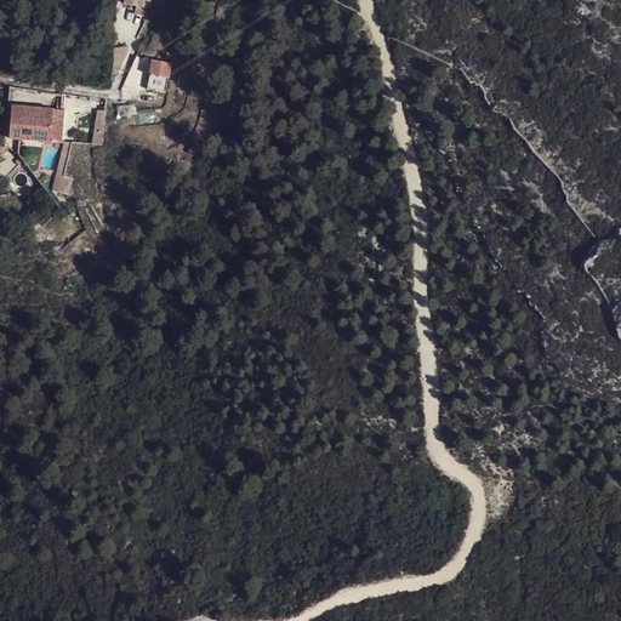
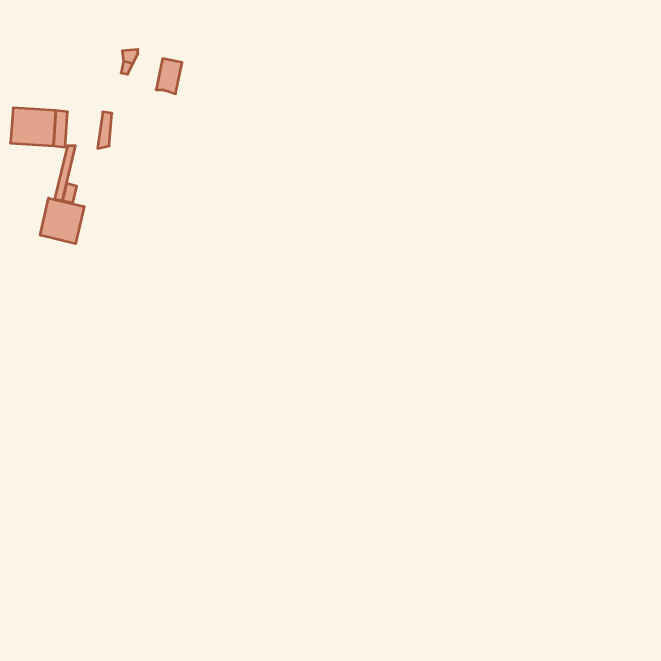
building: none -> [40,198,84,244]

